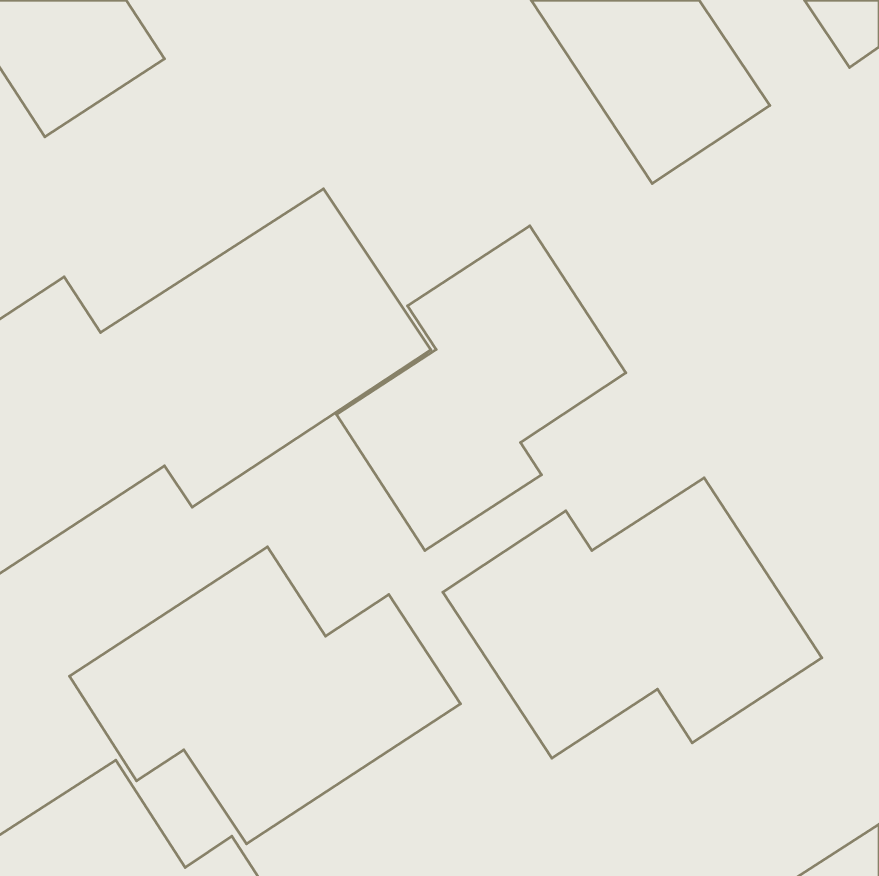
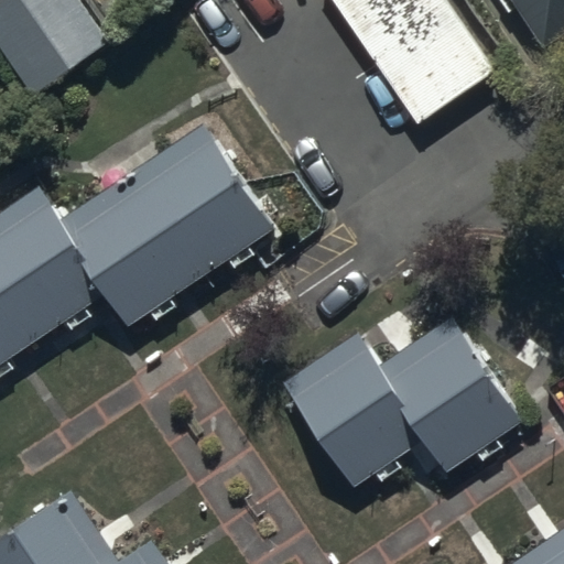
building: [337,226,626,550] -> none
building: [69,547,461,844] -> none

